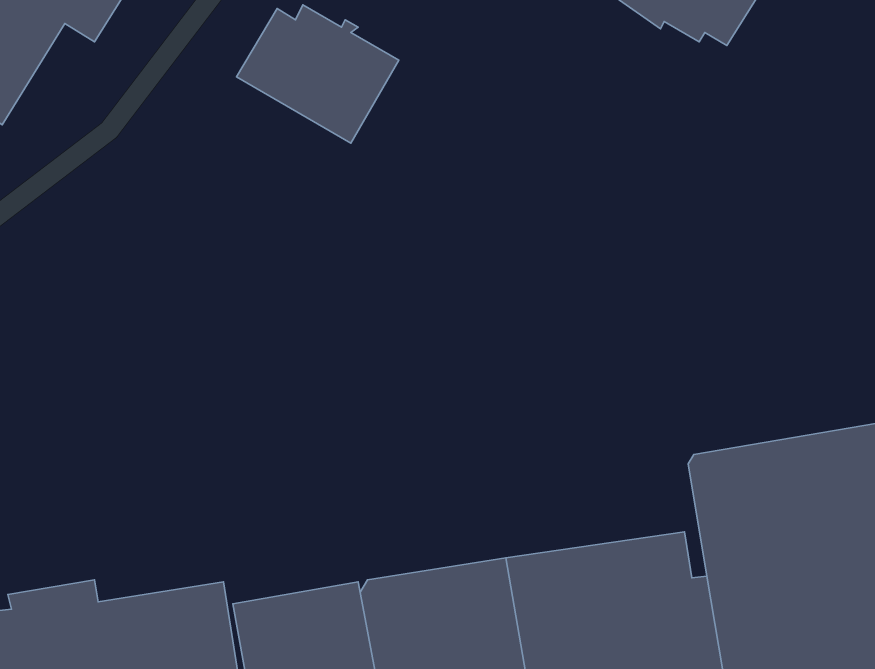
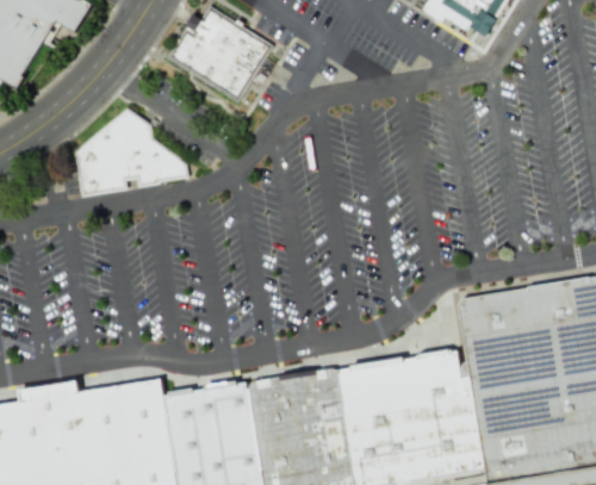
building: none -> [76,108,187,197]

